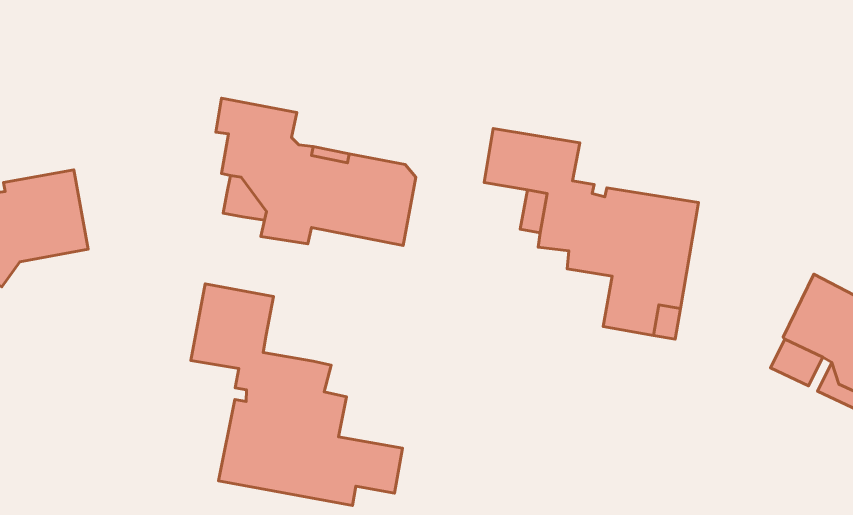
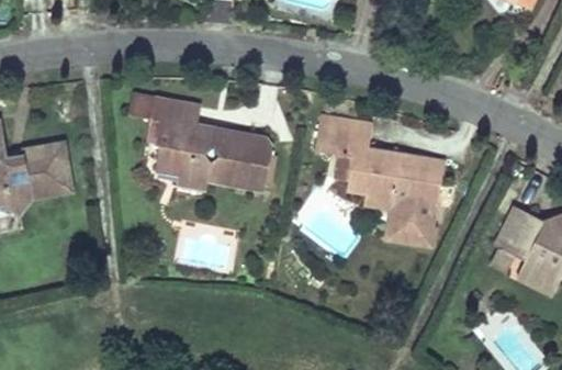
building: [191,284,402,505] -> none

